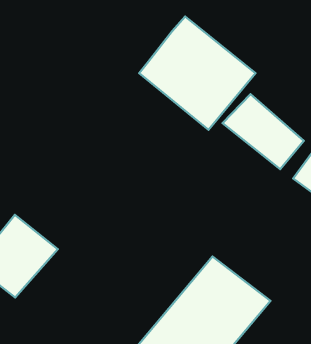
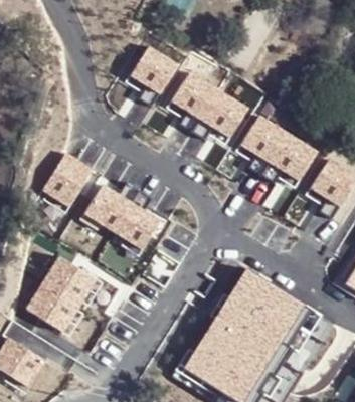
building: none -> [128,46,180,97]
building: none -> [44,154,92,207]
building: none -> [82,184,161,250]

